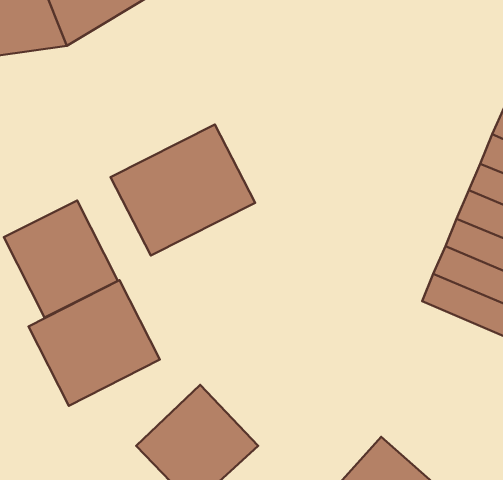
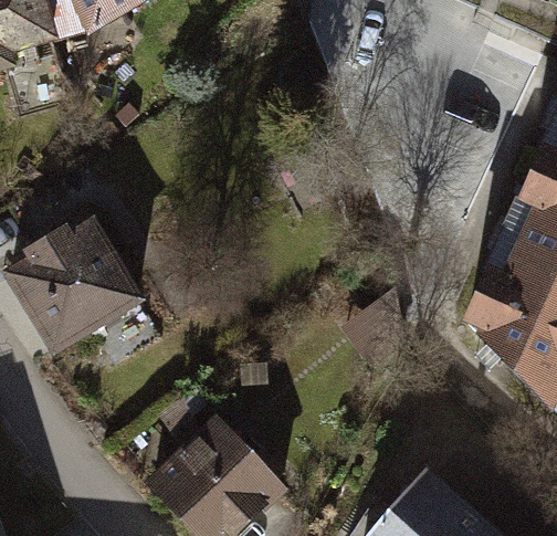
building: [111,124,255,256] -> none
building: [29,280,160,406] -> none

